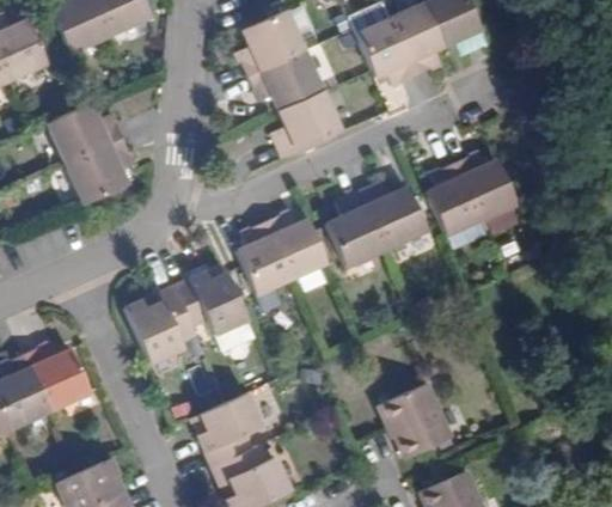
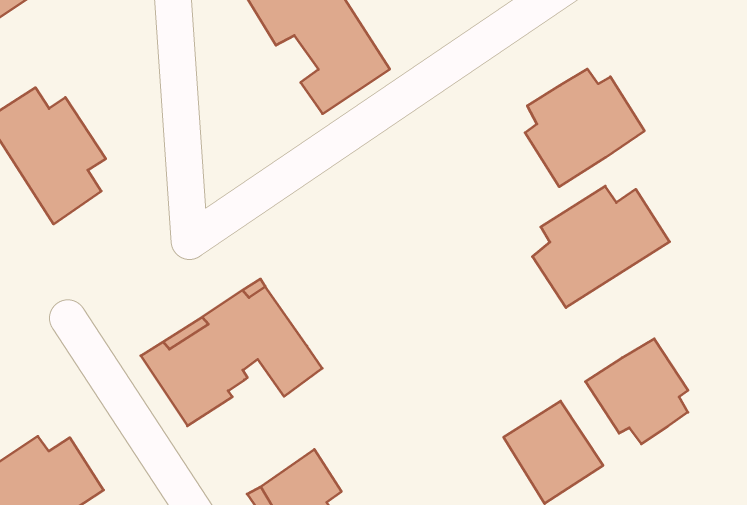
building: [329,181,429,263] -> [532,186,670,308]
building: [239,209,329,291] -> none
building: none -> [585,339,688,444]

